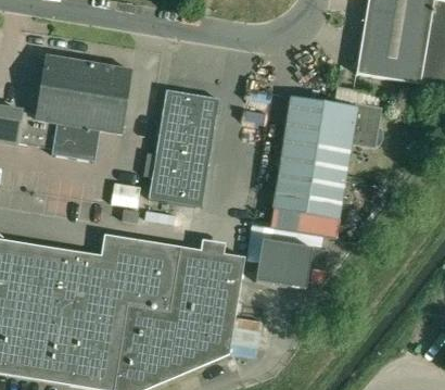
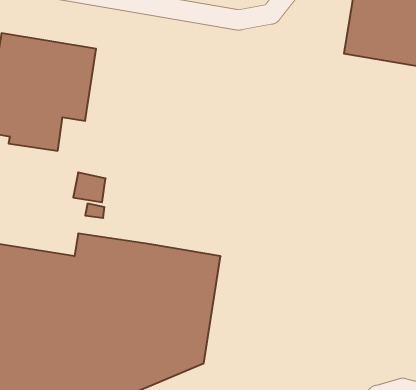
building: [270,87,382,236] -> none
building: [148,89,219,206] -> none
building: [254,238,329,289] -> none

